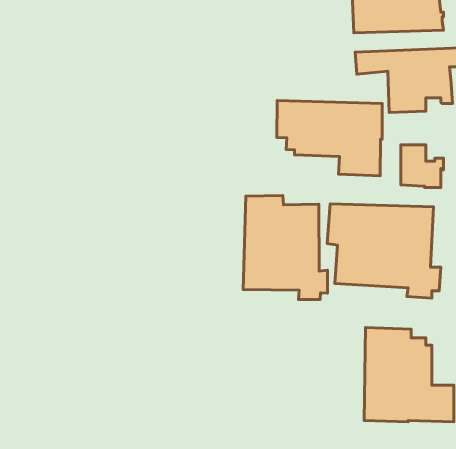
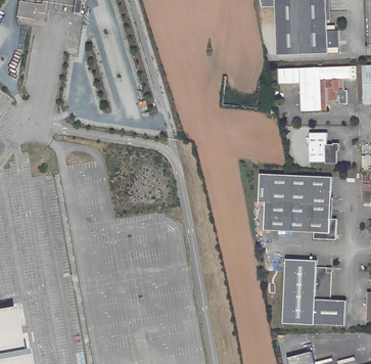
building: [277,101,382,176] -> none
building: [243,196,327,299] -> none

